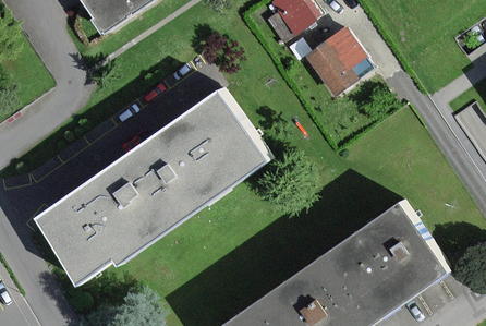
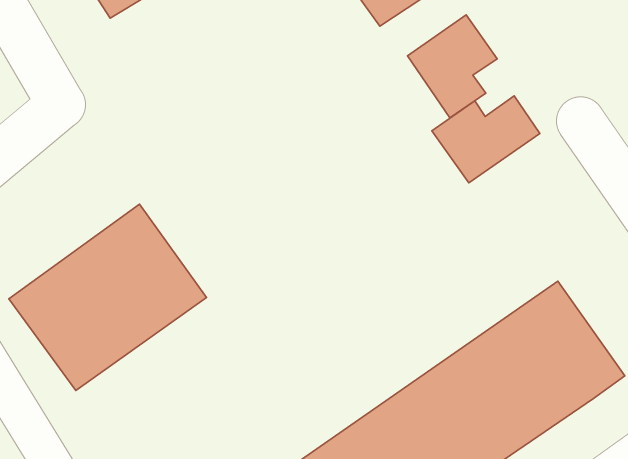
building: none -> [432,96,540,183]
building: [125,89,260,217] -> none

